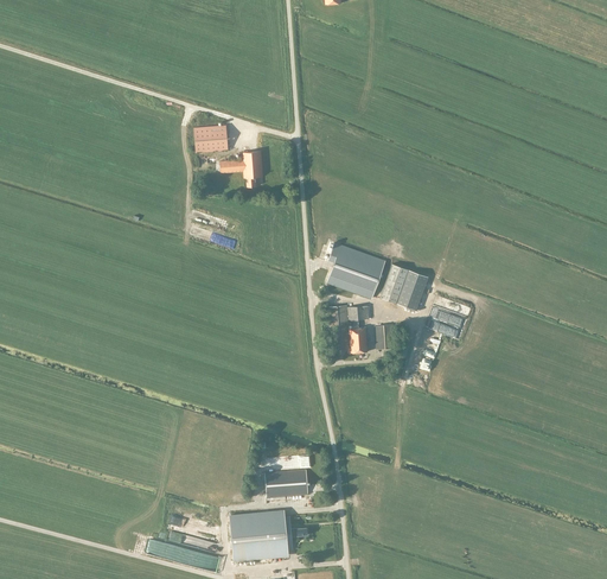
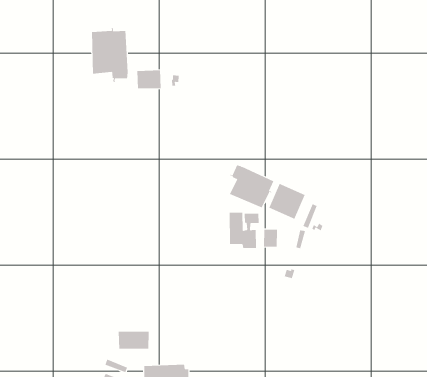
building: none -> [91,27,128,83]
building: [221,151,264,186] -> none
building: [266,470,308,496] -> [118,331,149,349]

